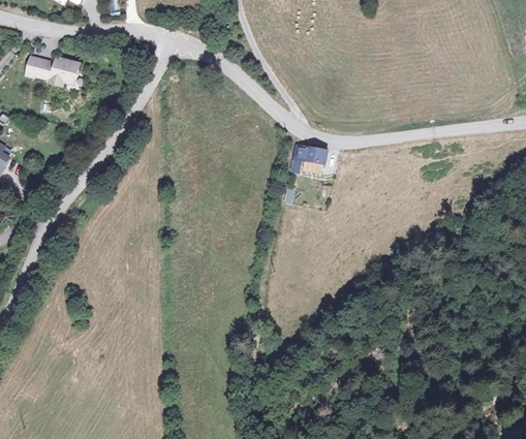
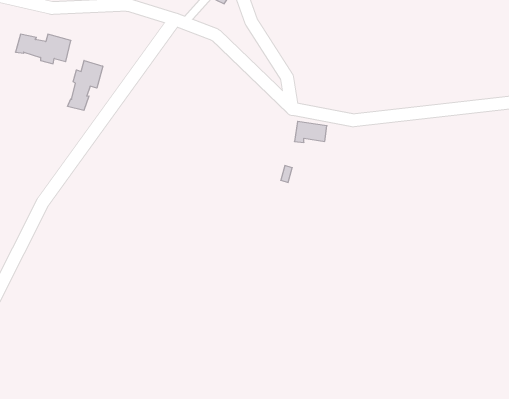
building: none -> [68,60,103,110]

